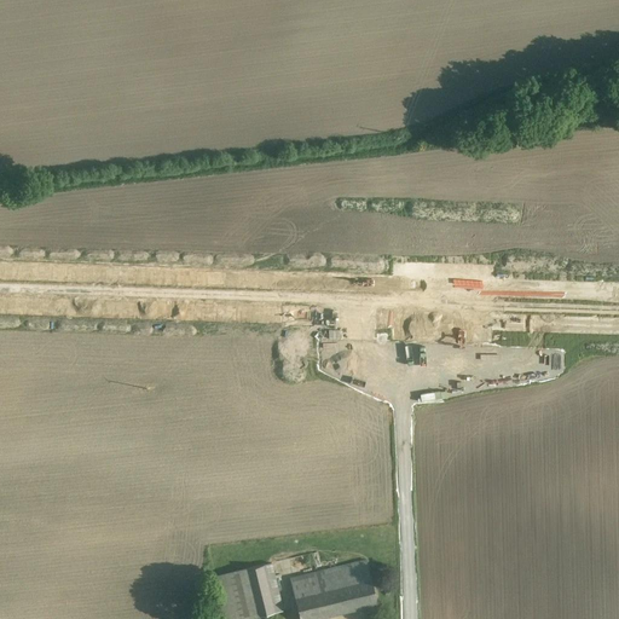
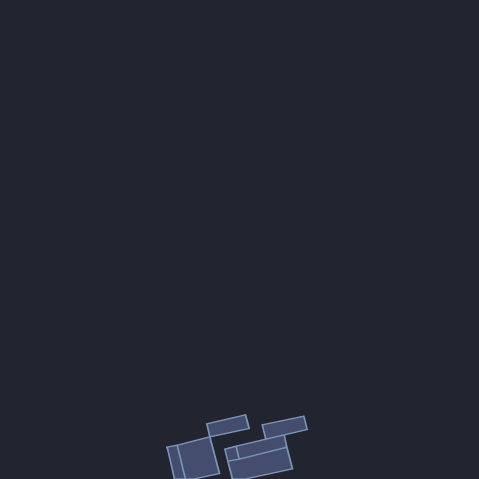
building: none -> [207,415,249,437]
building: none -> [262,416,307,439]

